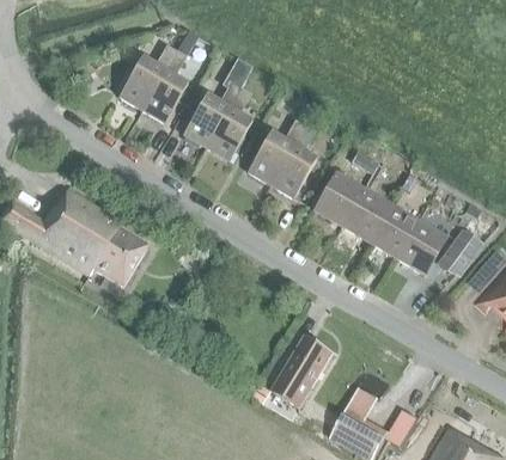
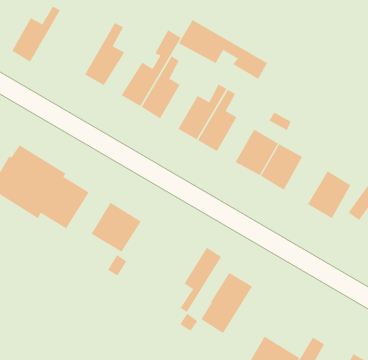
building: [120,44,176,109] -> [12,6,61,62]
building: none -> [178,19,268,80]
building: [370,203,419,257] -> none
building: none -> [91,202,141,252]
building: none -> [180,247,222,313]

